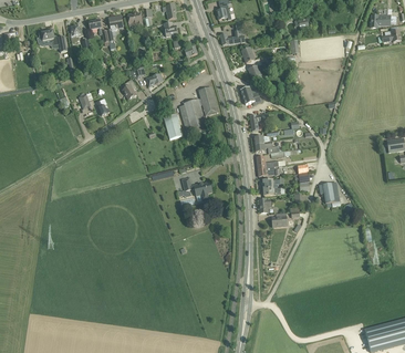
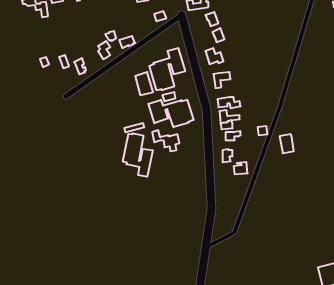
building: none -> [148,100,194,127]
building: none -> [123,133,153,177]

